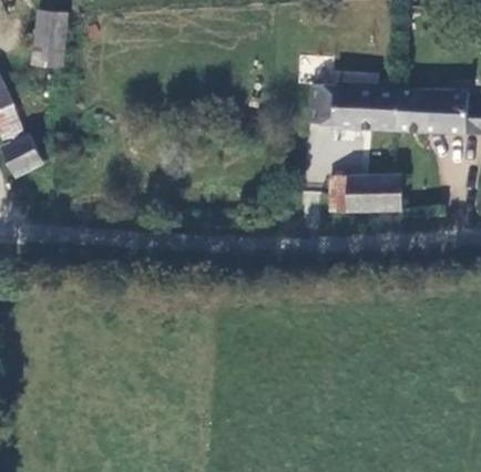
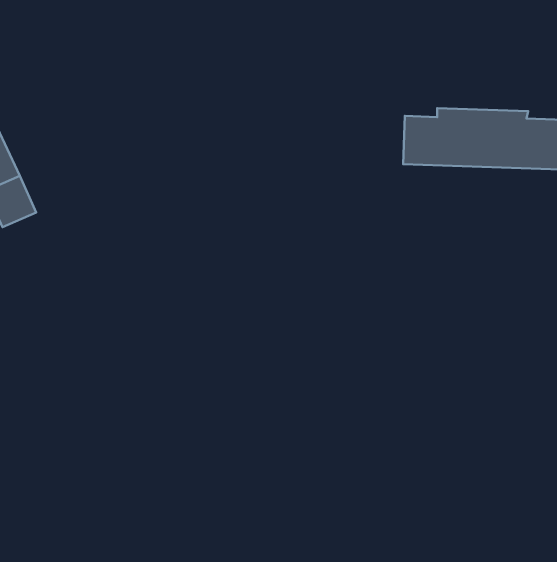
building: [34,17,64,66] -> none
building: [335,178,403,214] -> none

